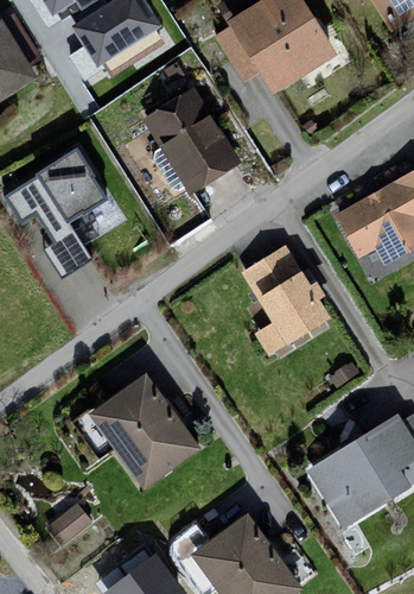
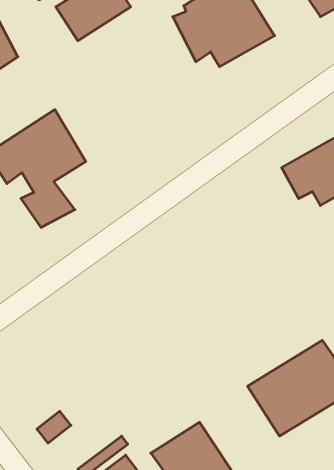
building: [142,88,237,194] -> none
building: [250,247,331,348] -> none
building: [87,374,198,493] -> none

